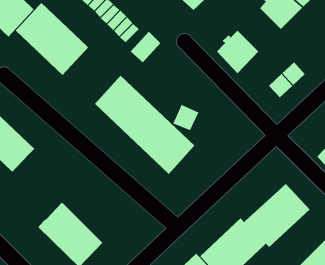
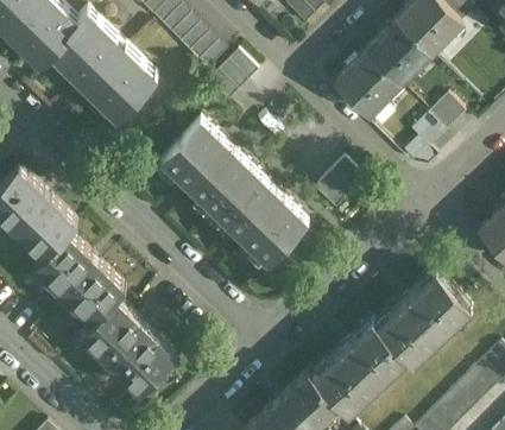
building: none -> [365,24,427,86]
building: [172,104,200,131] -> [322,162,361,201]
building: none -> [32,234,124,324]

